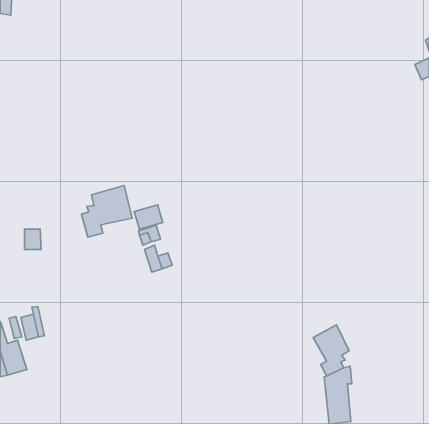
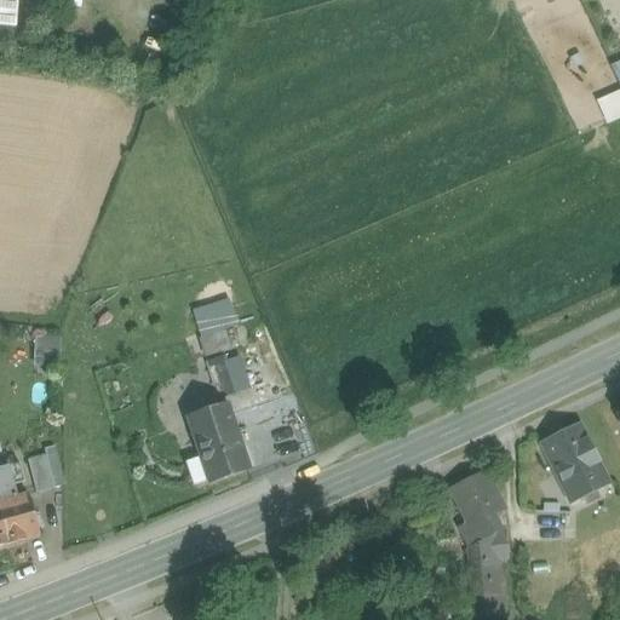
building: [82,186,132,237] -> none
building: none -> [194,411,245,476]
building: none -> [539,421,609,503]

